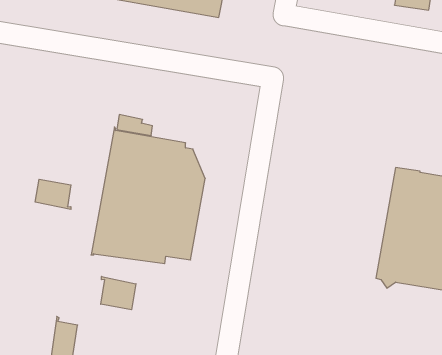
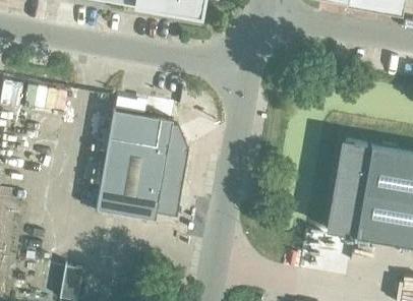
building: [35,179,71,209] -> none
building: [101,276,136,310] -> none

